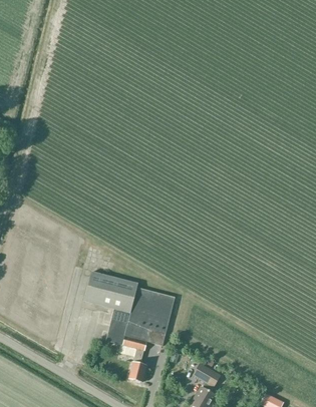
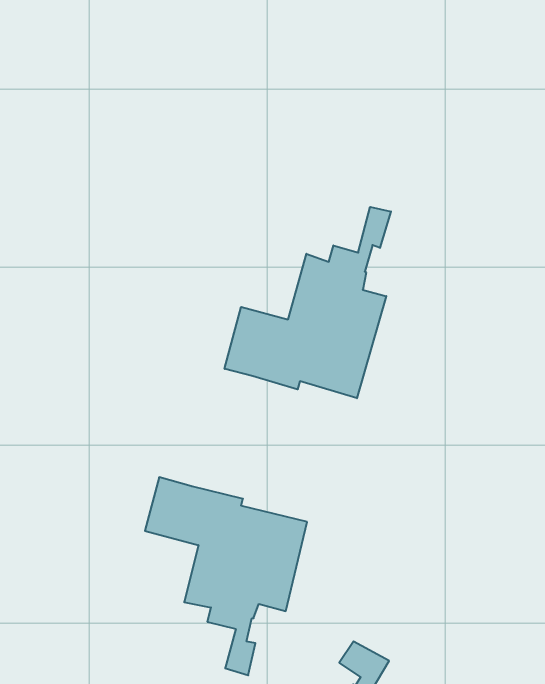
building: none -> [225,207,391,398]

